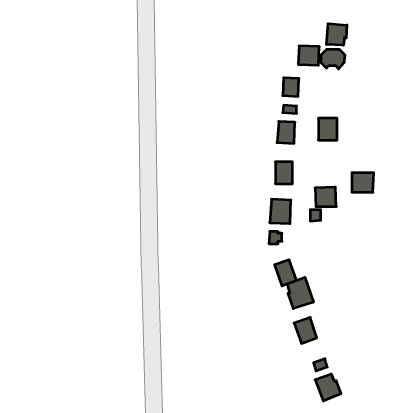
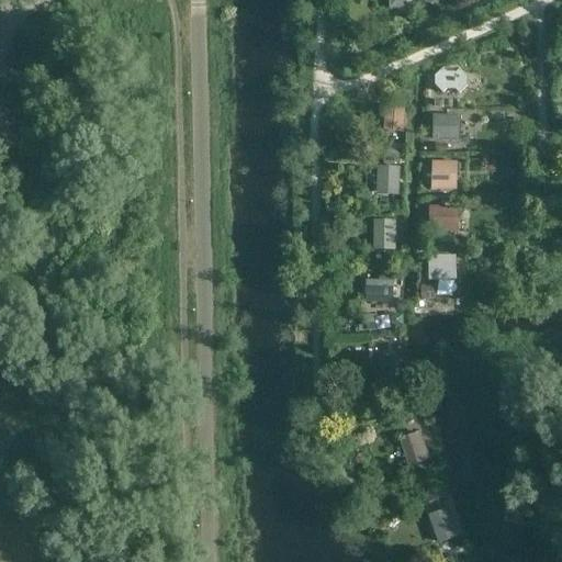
building: [327,24,347,45] -> none
building: [298,46,319,65] -> [432,113,461,139]
building: [352,173,374,192] -> [429,205,459,232]
building: [287,277,313,309] -> none

